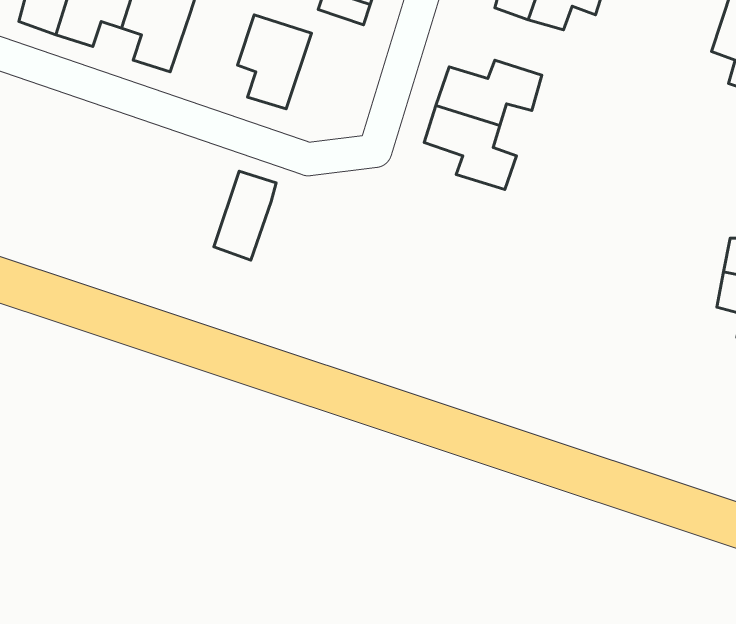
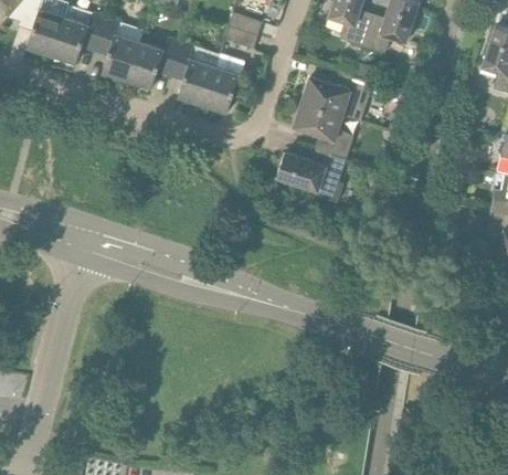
building: none -> [127,39,182,88]
building: [214,171,276,260] -> [203,55,244,114]
building: none -> [277,148,347,191]

